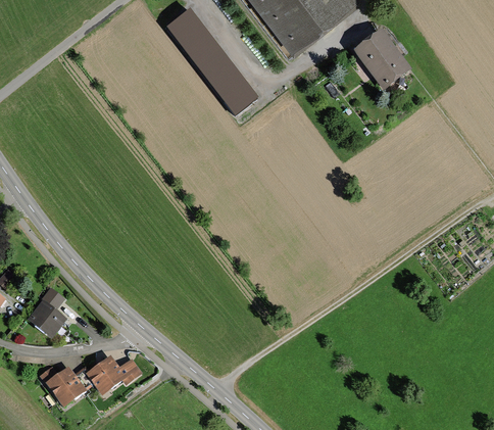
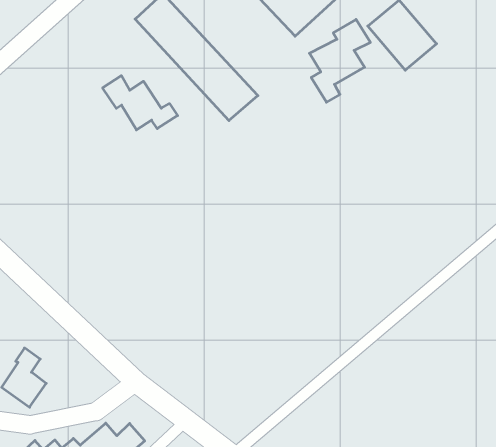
building: none -> [309,19,370,102]
building: none -> [103,76,178,130]

